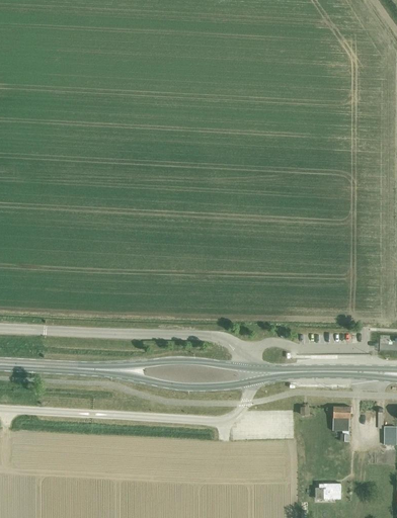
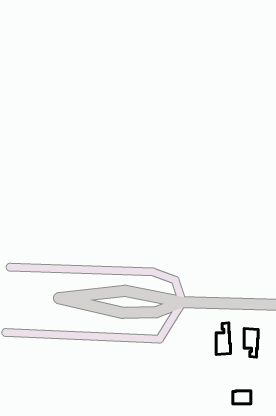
building: none -> [216,323,230,355]

